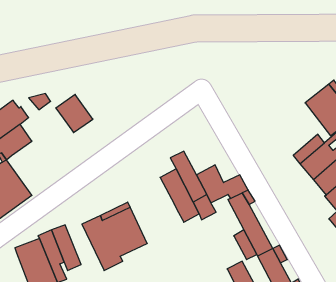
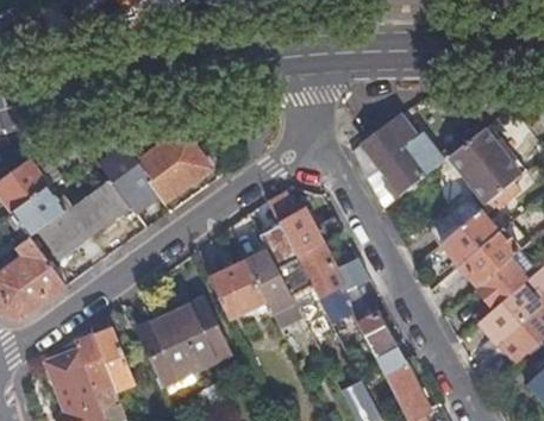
building: none -> [354,117,448,197]
building: none -> [126,133,212,203]
building: none -> [37,178,130,259]
building: none -> [267,196,324,258]
building: none -> [208,262,265,319]

